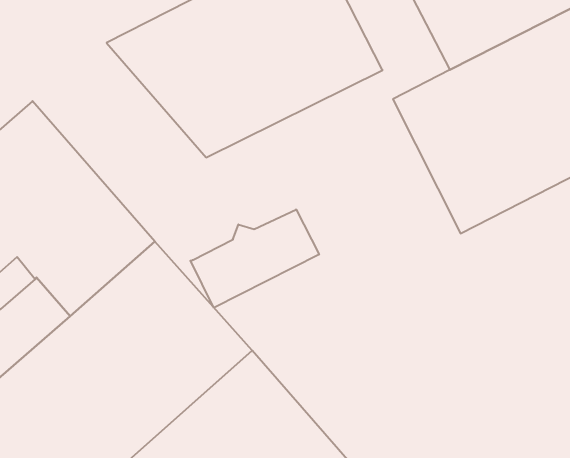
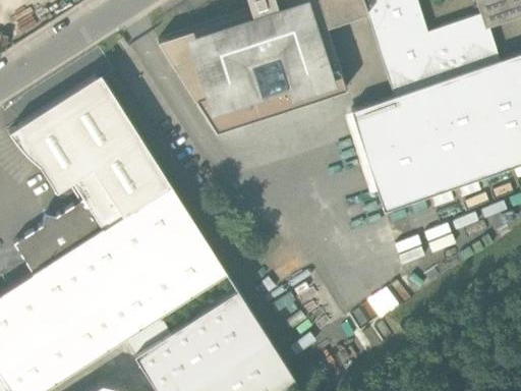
building: [190,209,319,308] -> none

